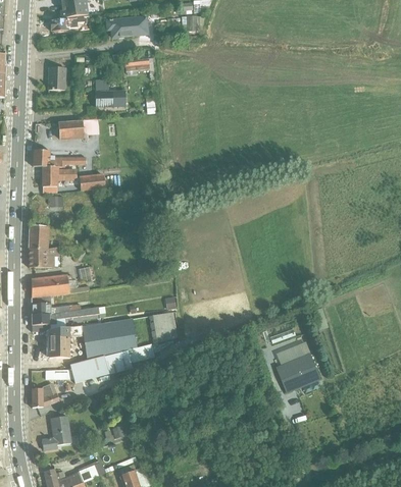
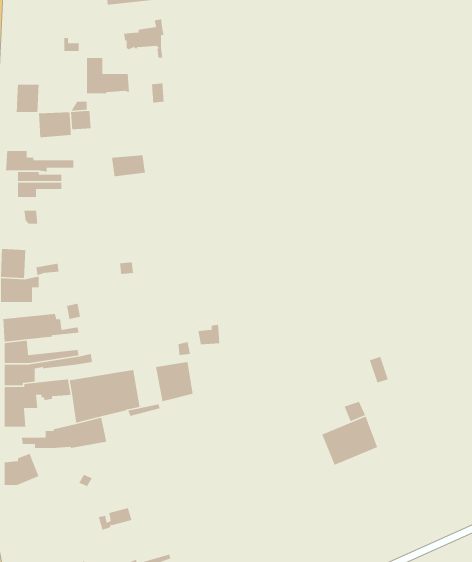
building: [48,66,66,89] -> [16,84,40,113]
building: [79,172,105,190] -> [111,155,146,177]
building: [42,415,71,448] -> none

